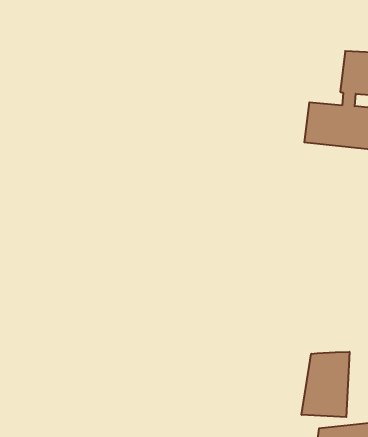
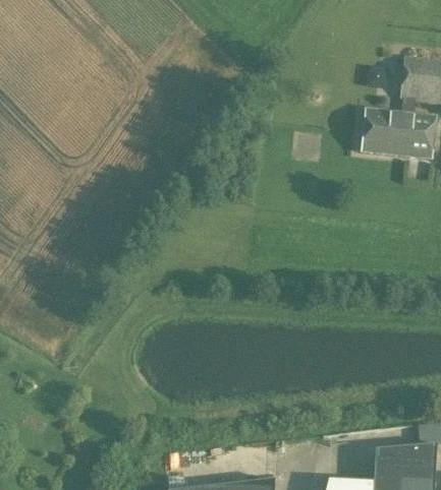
building: [302,352,349,417] -> none

